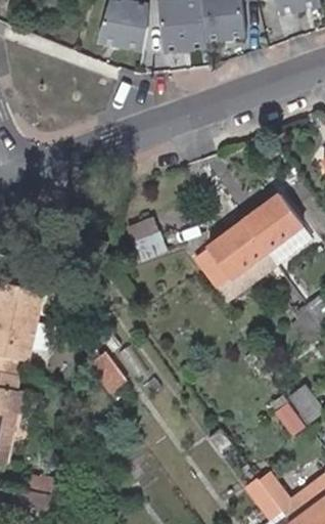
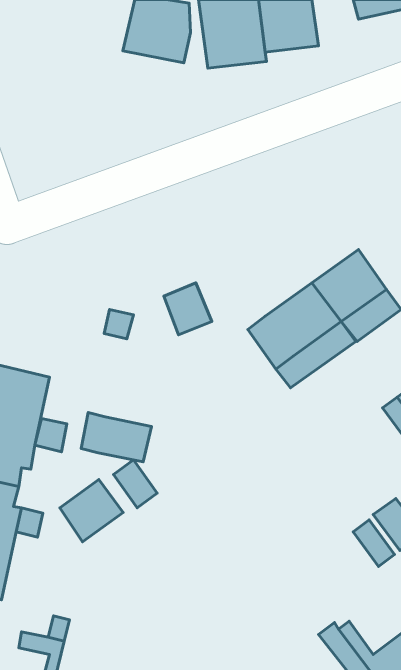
building: none -> [81,413,152,462]
building: none -> [60,479,123,542]

